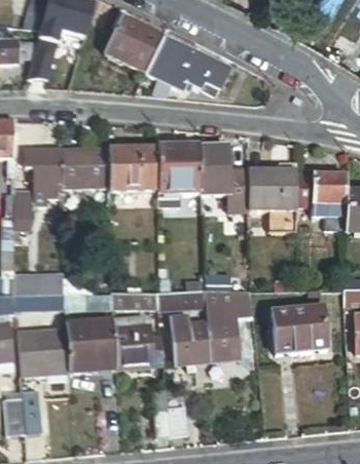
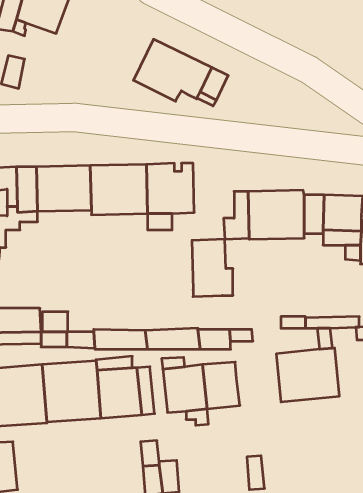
building: [106,17,164,73] -> none
building: [199,145,235,195] -> [192,239,233,297]

